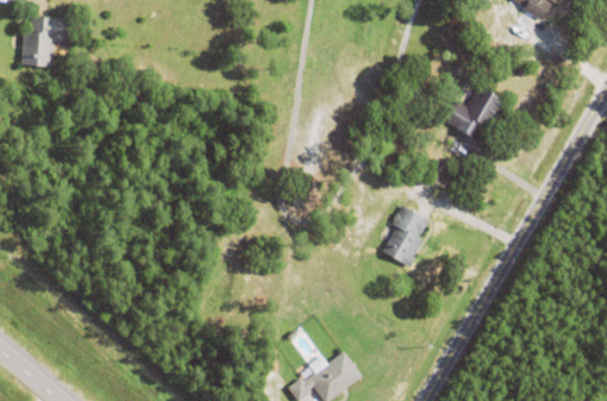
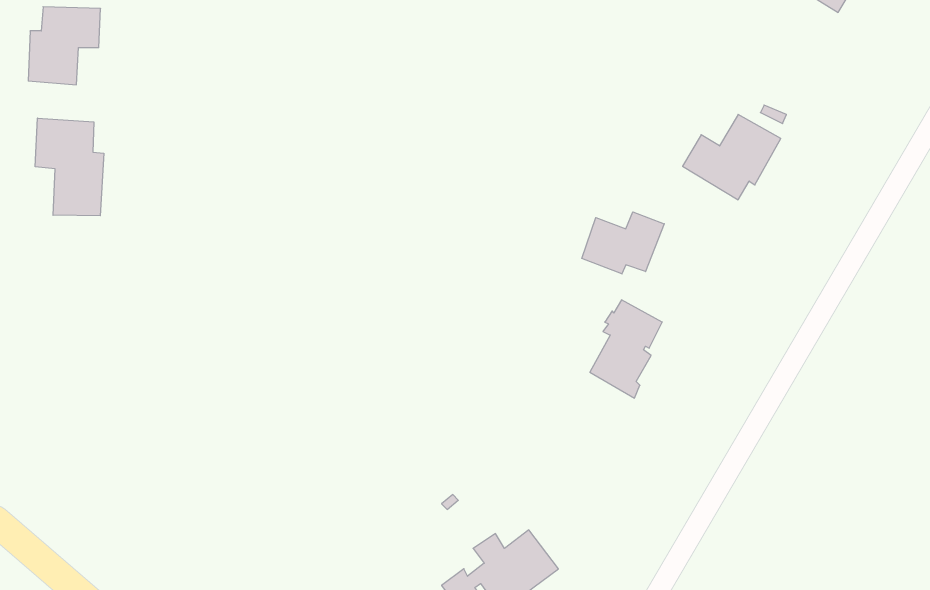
building: none -> [35,118,104,216]
building: none -> [582,212,664,274]

